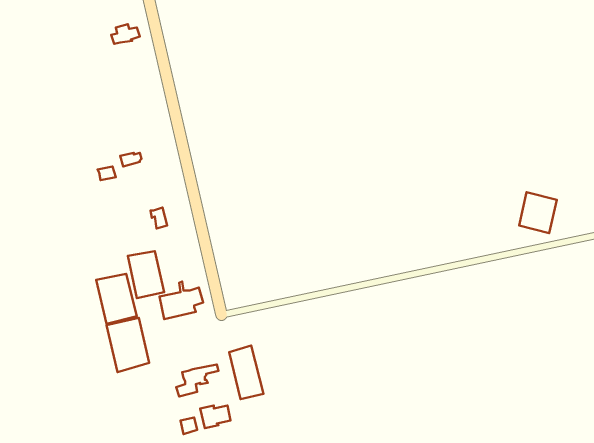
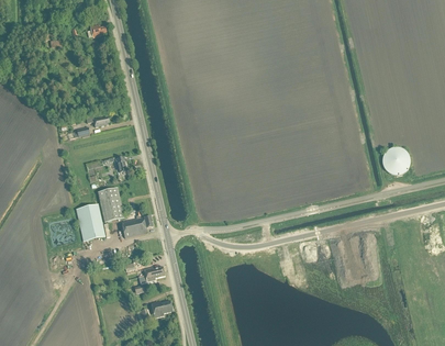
building: [106,318,149,372] -> none
building: [229,345,263,399] -> none

